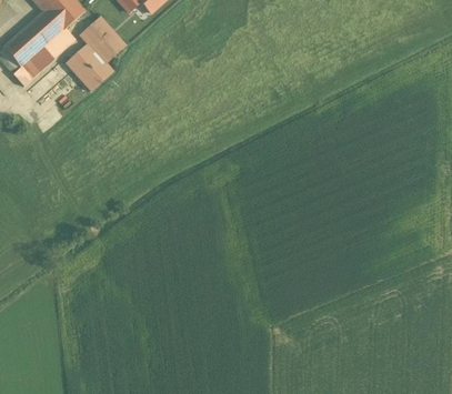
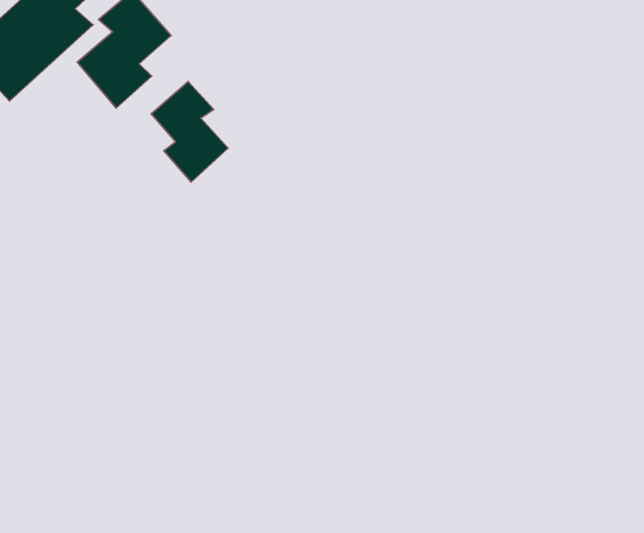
building: none -> [151,81,228,182]

